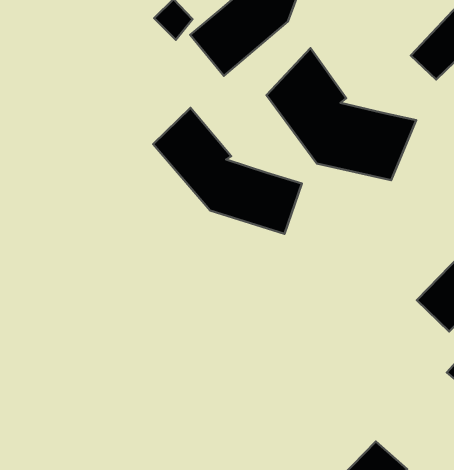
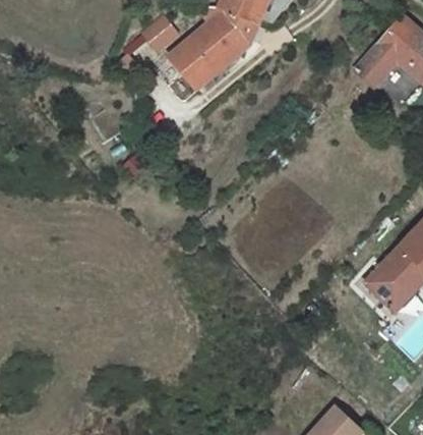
building: [267,48,416,180] -> none
building: [153,108,302,234] -> none

